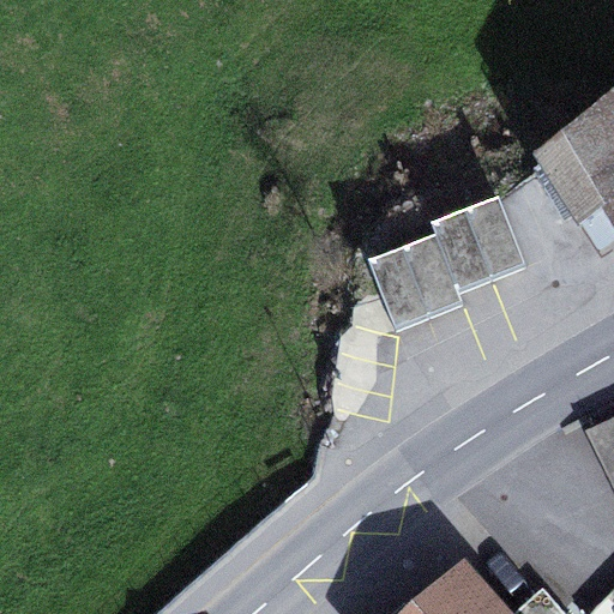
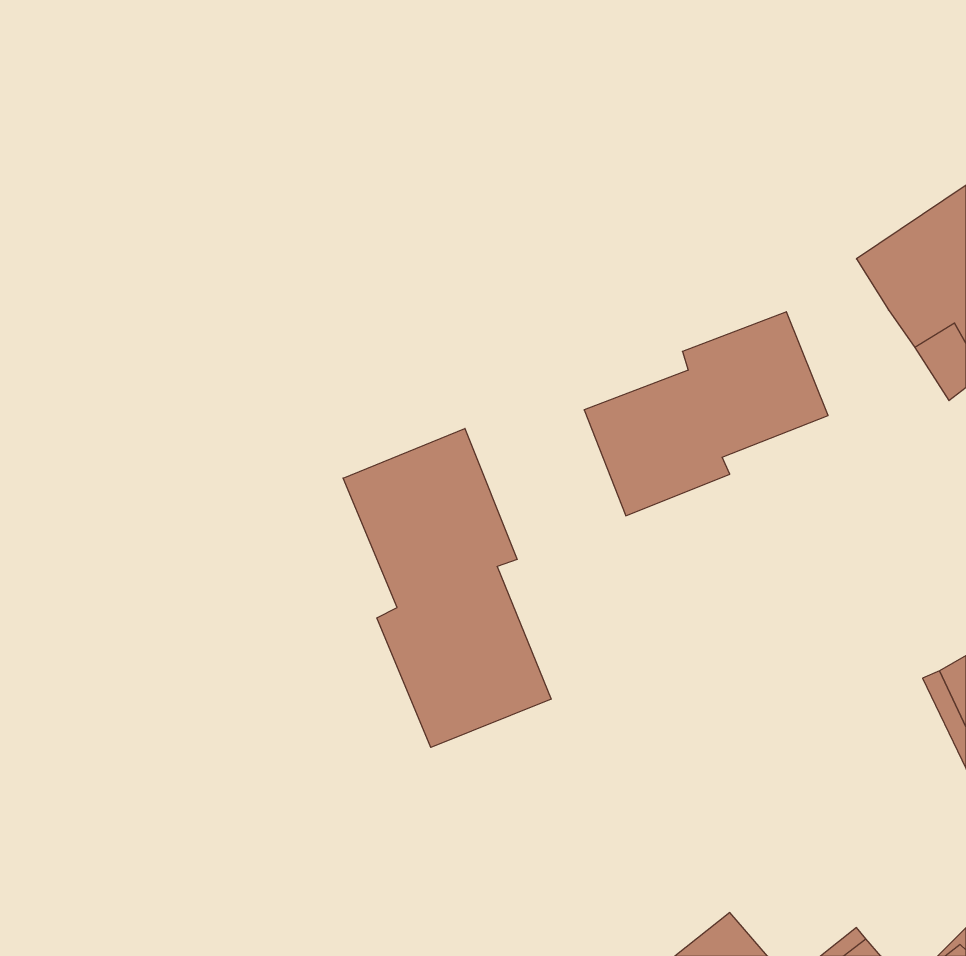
building: none -> [343,428,551,747]

